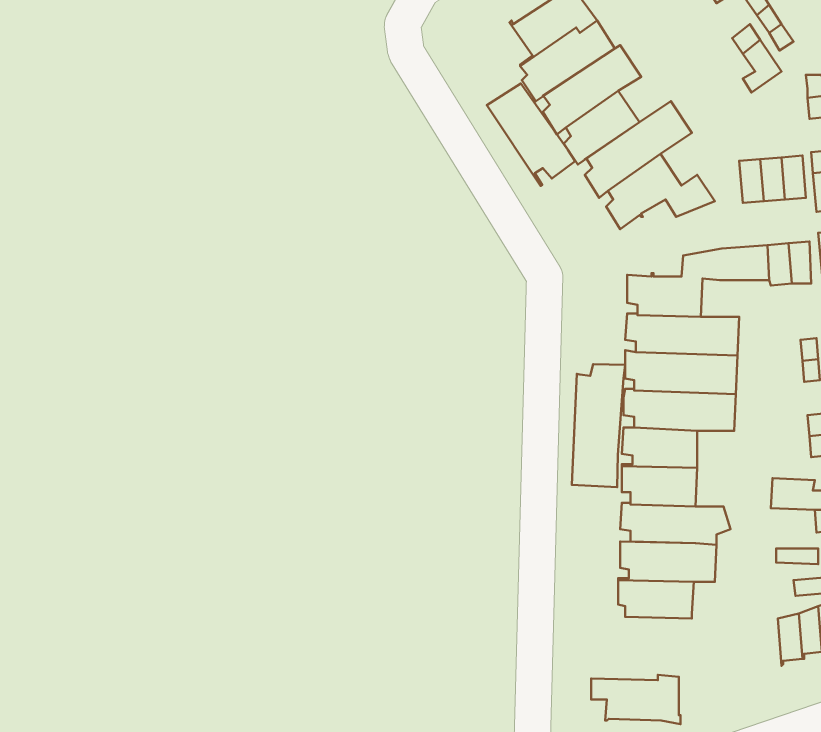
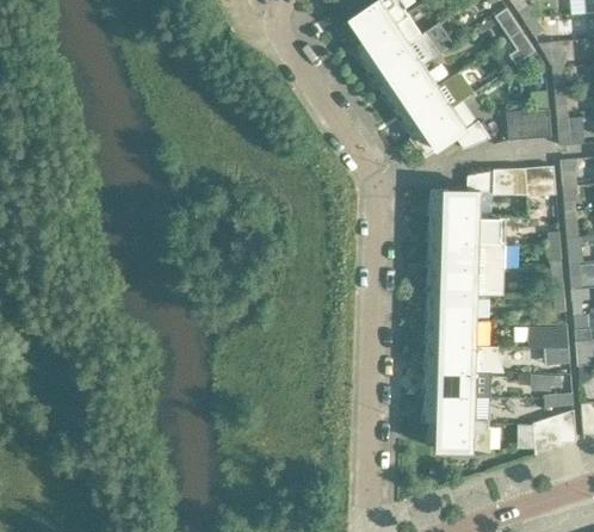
building: [487,84,575,186] -> none
building: [572,364,625,487] -> none
building: [591,675,681,724] -> [428,419,489,452]

